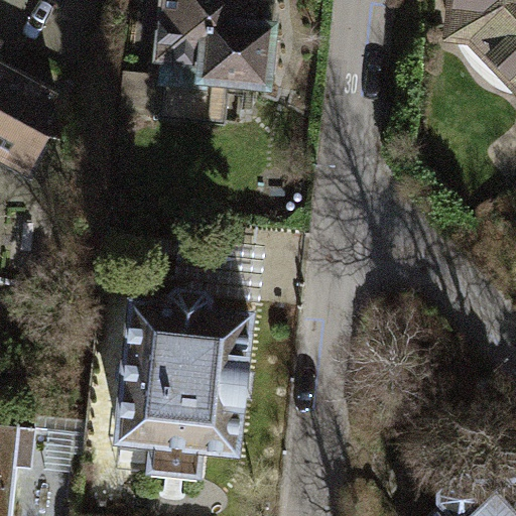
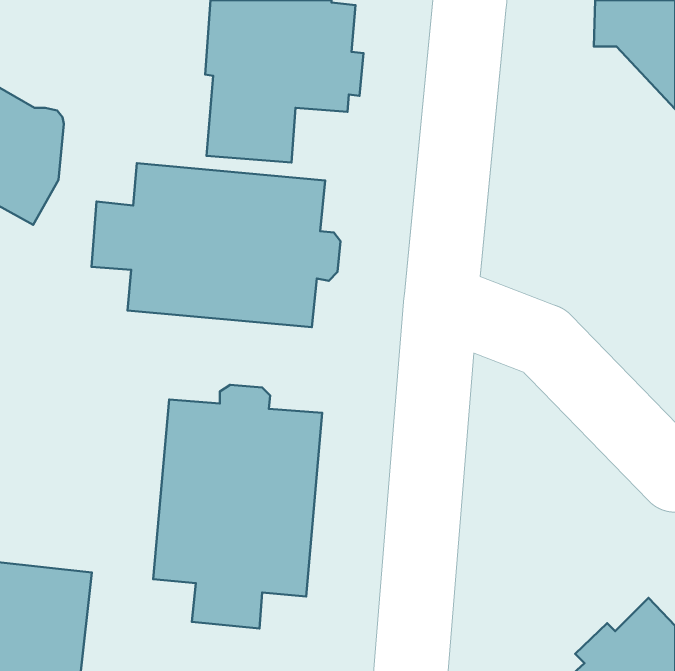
building: none -> [91,163,340,327]

